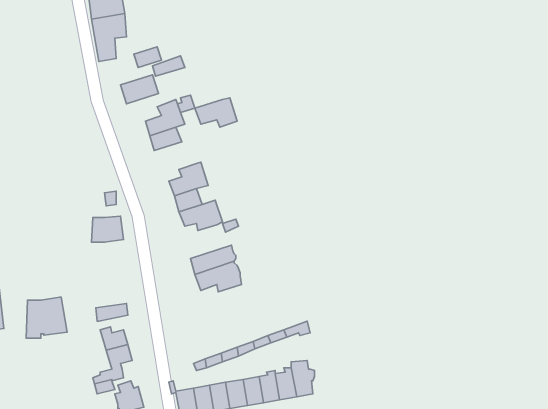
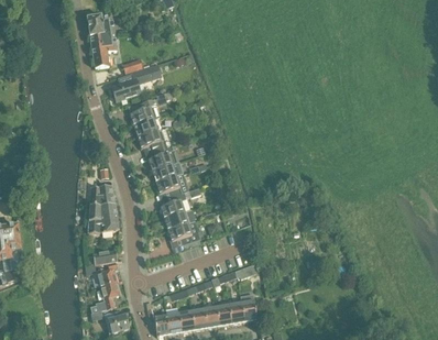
building: [195,98,237,127] -> [135,128,167,150]
building: none -> [158,191,194,217]
building: [26,297,67,338] -> [87,202,118,233]

